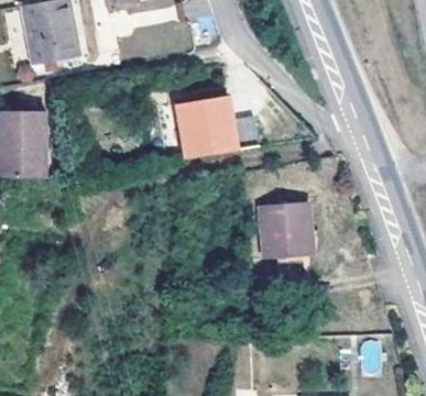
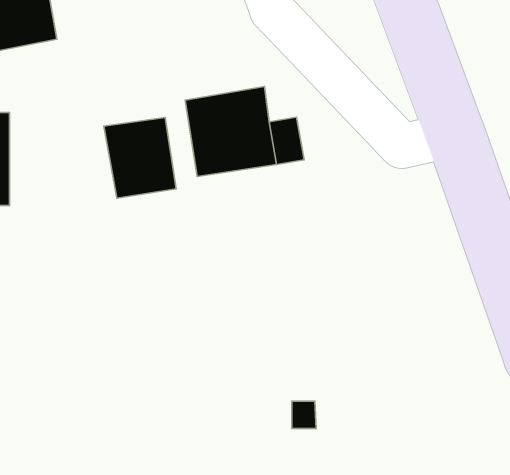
building: none -> [104,118,176,198]
building: [263,202,312,258] -> none

